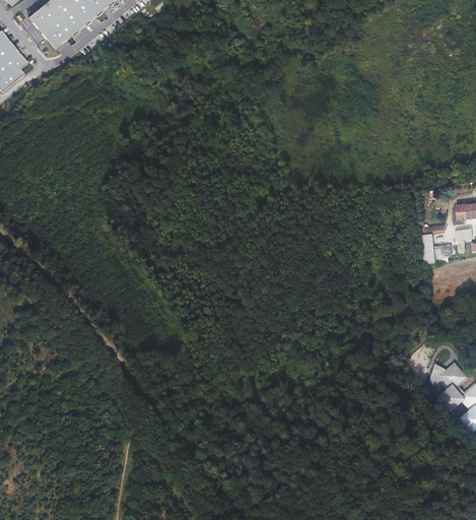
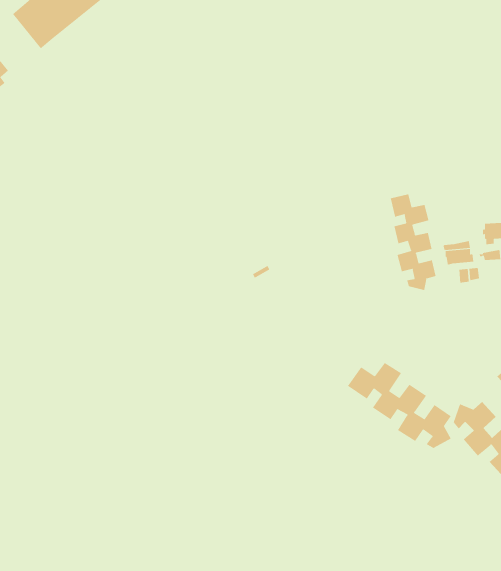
building: none -> [390,193,436,291]
building: none -> [347,362,451,449]

